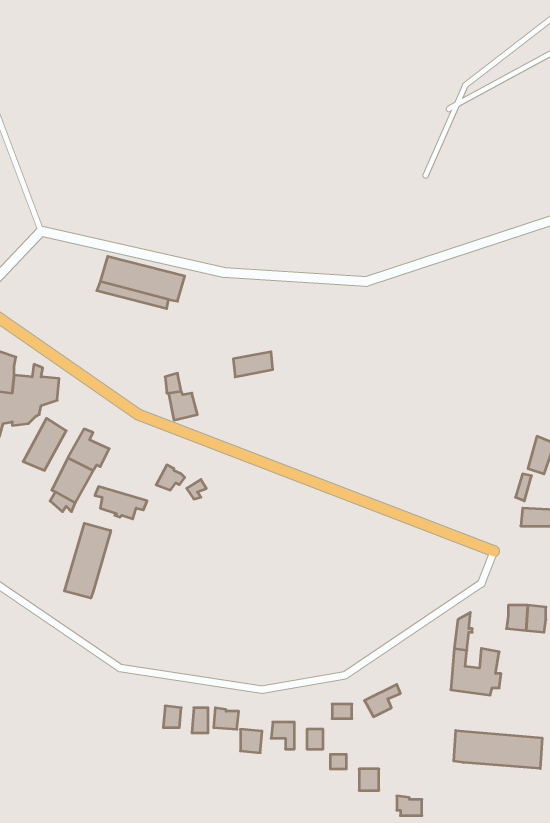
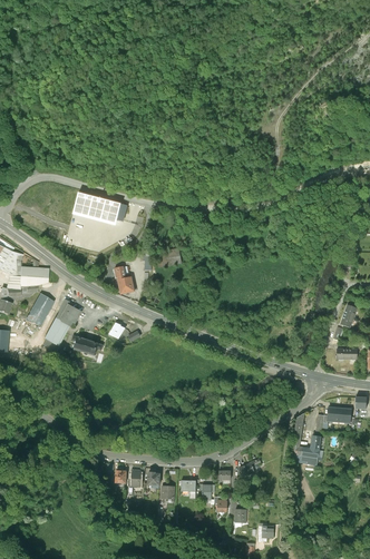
building: [64,523,111,598] -> none
building: [454,730,542,769] -> none

